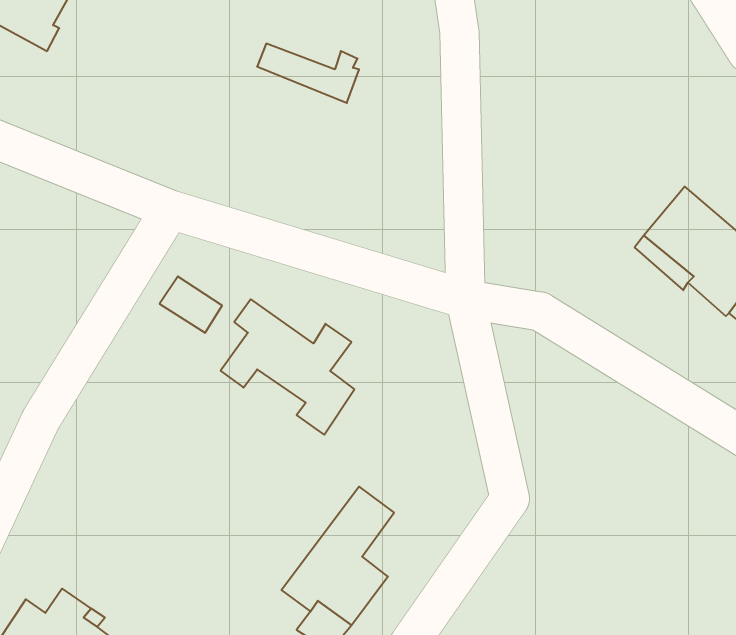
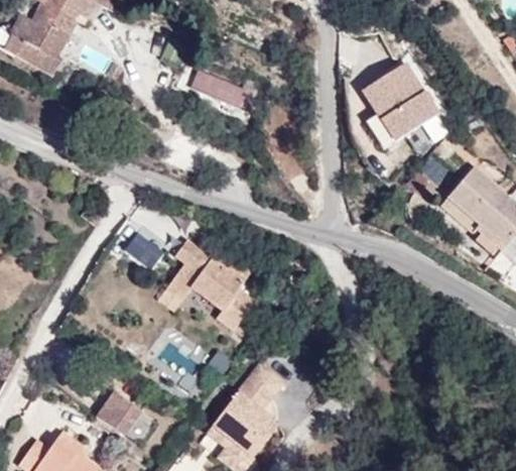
building: none -> [362,66,441,155]
building: none -> [96,392,141,437]

